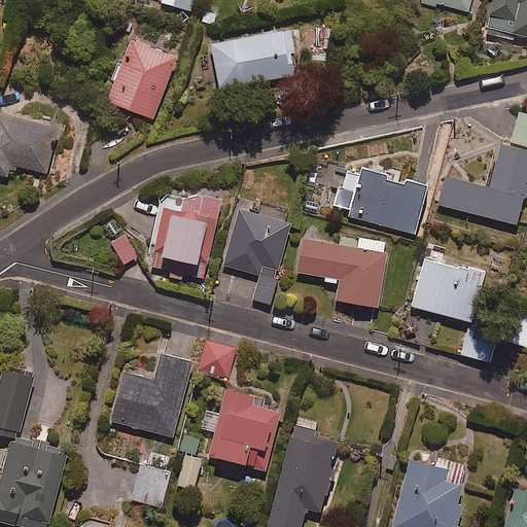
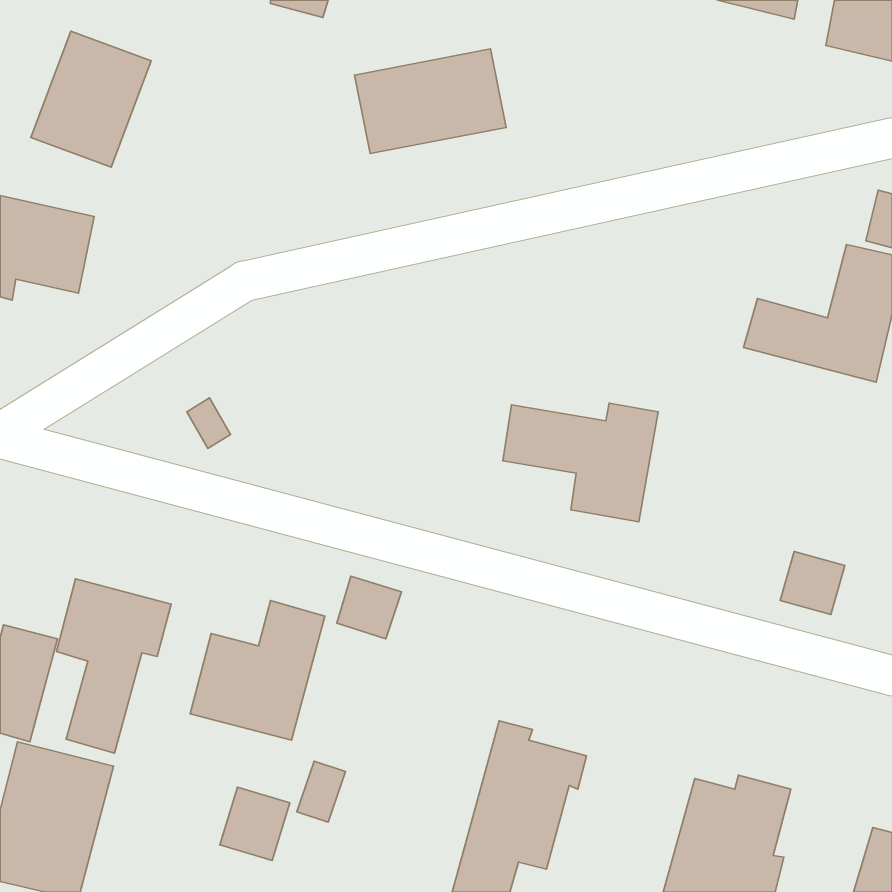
building: [105,38,176,118] -> [31,31,151,167]
building: [347,168,426,233] -> none
building: [147,194,220,280] -> none
building: [222,210,290,305] -> none
building: [412,257,484,321] -> none
building: none -> [56,579,171,753]
building: [201,389,281,471] -> none

